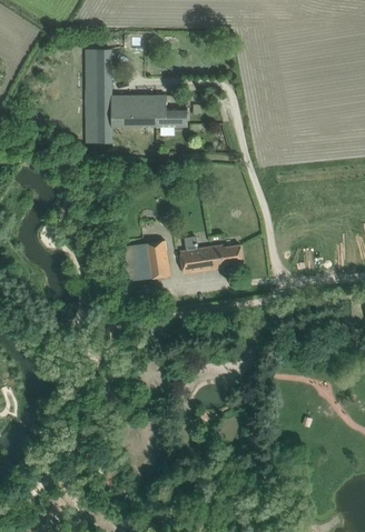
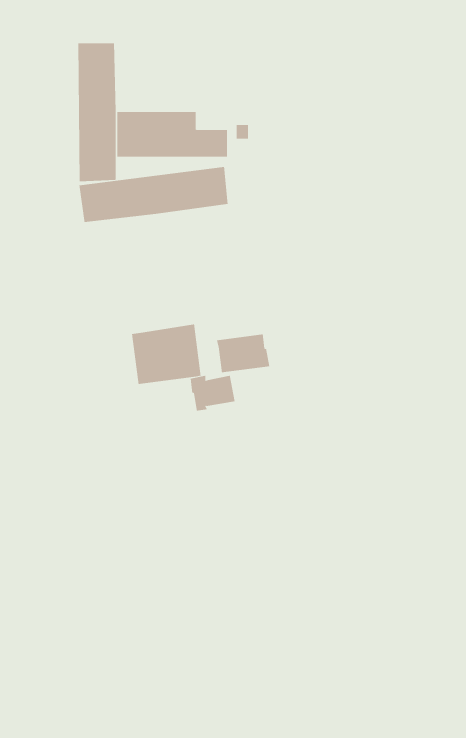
building: none -> [79,166,228,223]
building: [211,244,243,269] -> [190,375,235,411]

